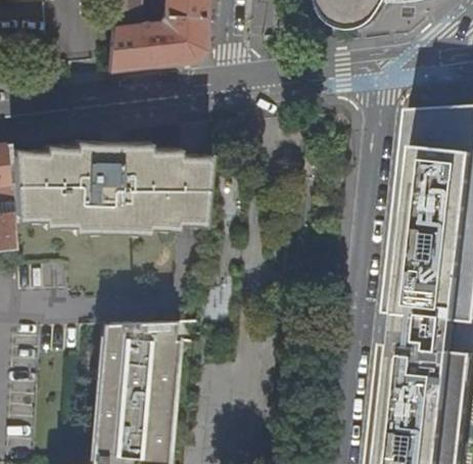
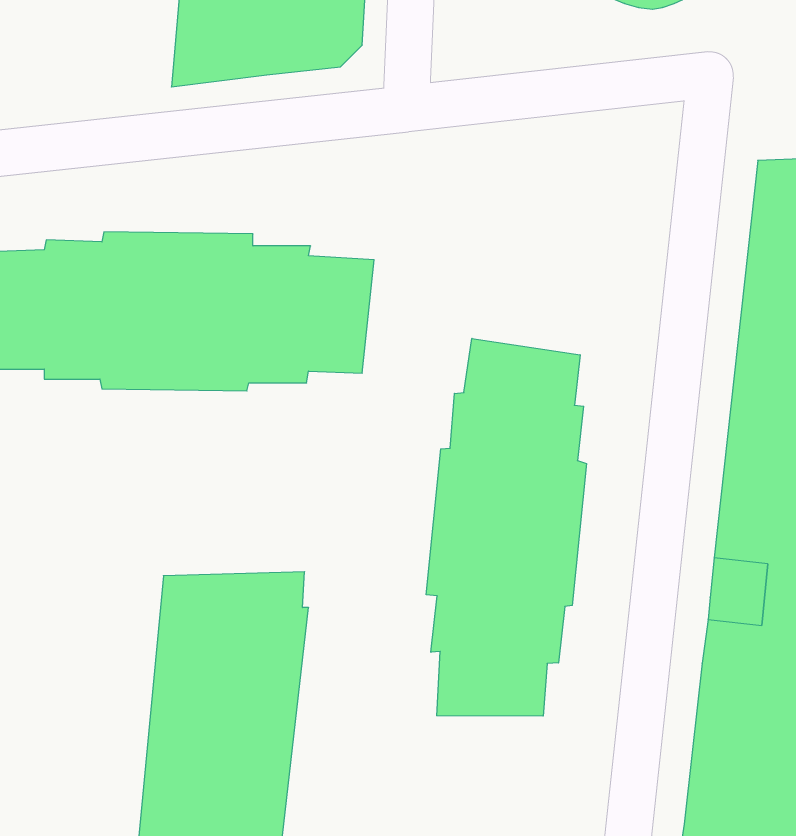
building: none -> [426,338,586,716]

